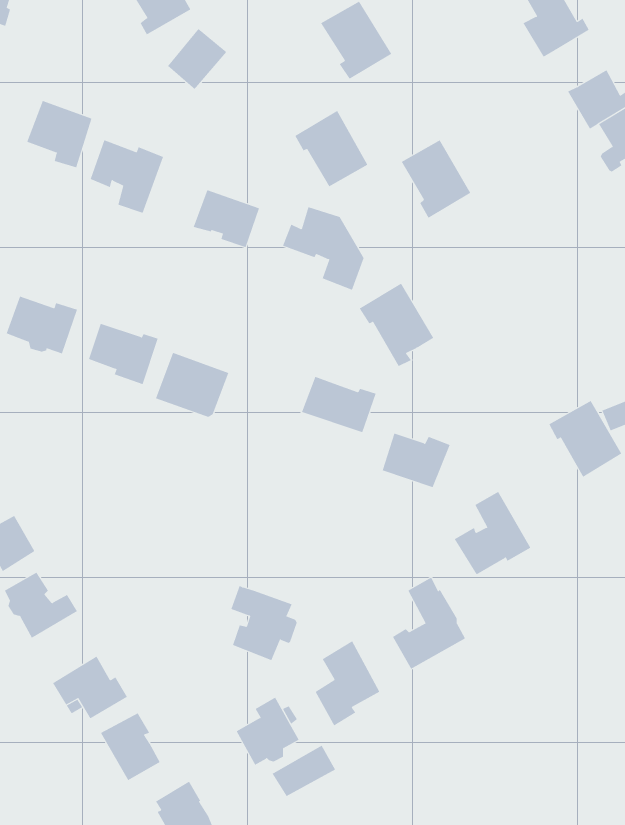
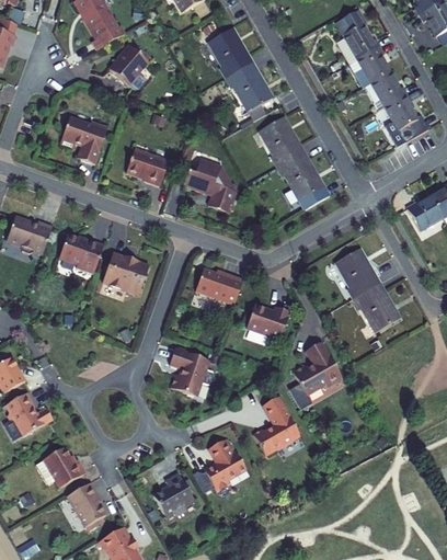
building: none -> [357,47,390,83]
building: [27,100,92,168] -> none
building: [294,110,368,187] -> [226,62,273,112]
building: [359,283,434,367] -> [276,151,324,205]
building: none -> [335,249,380,299]
building: [231,585,298,661] -> [170,348,213,397]
building: [272,745,336,797] -> none

